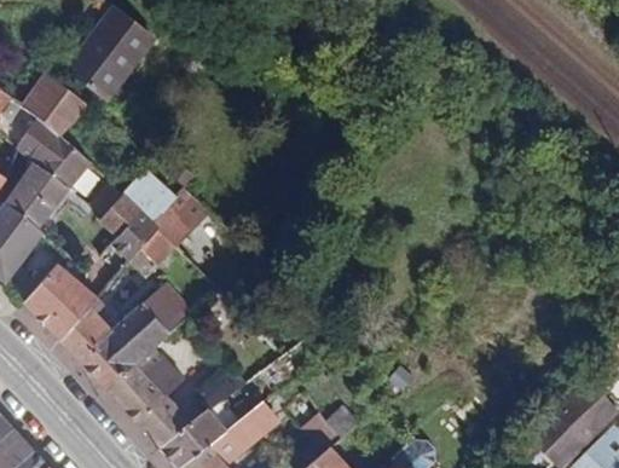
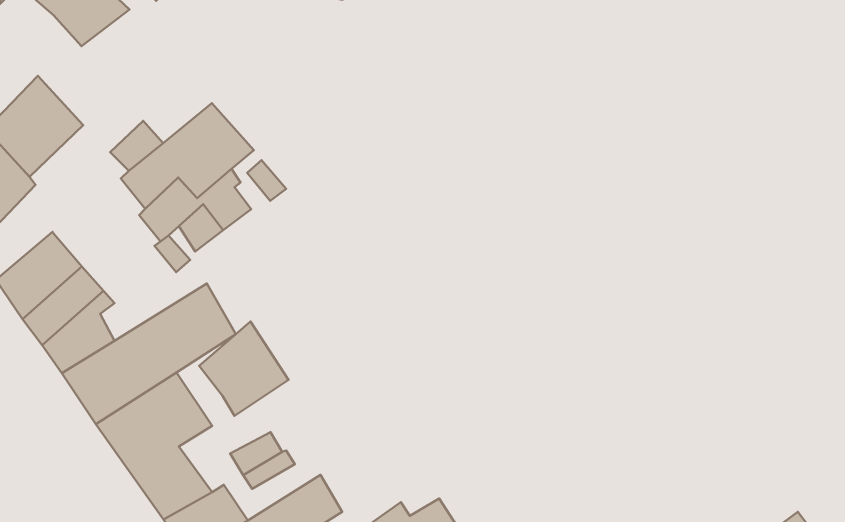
building: [16,117,88,189] -> none
building: none -> [199,321,288,416]

